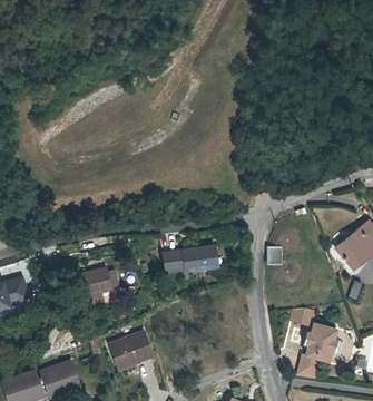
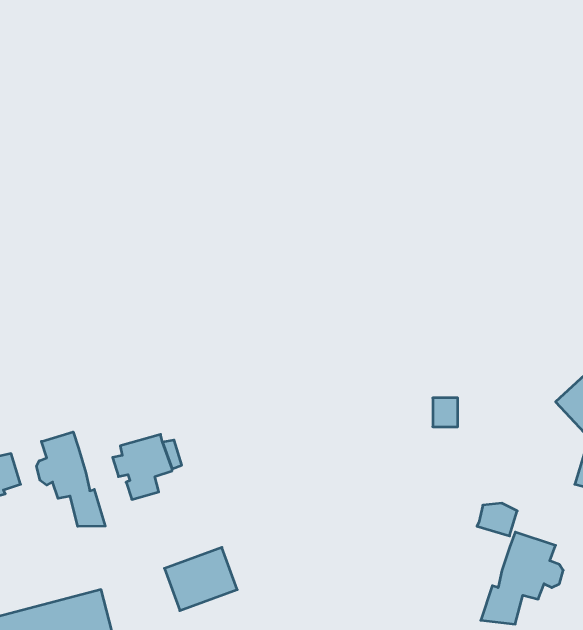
building: [163,246,217,271] -> none
building: none -> [37,432,105,526]

